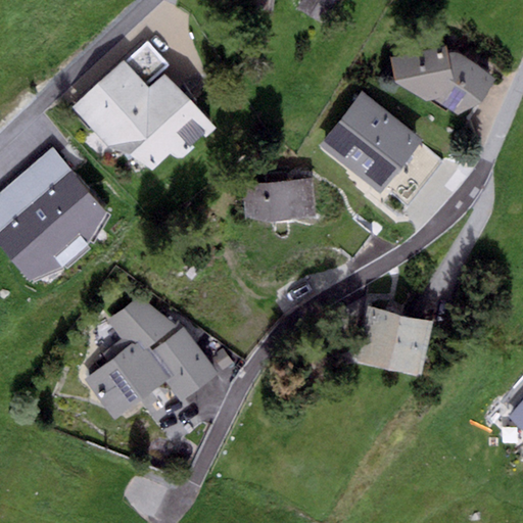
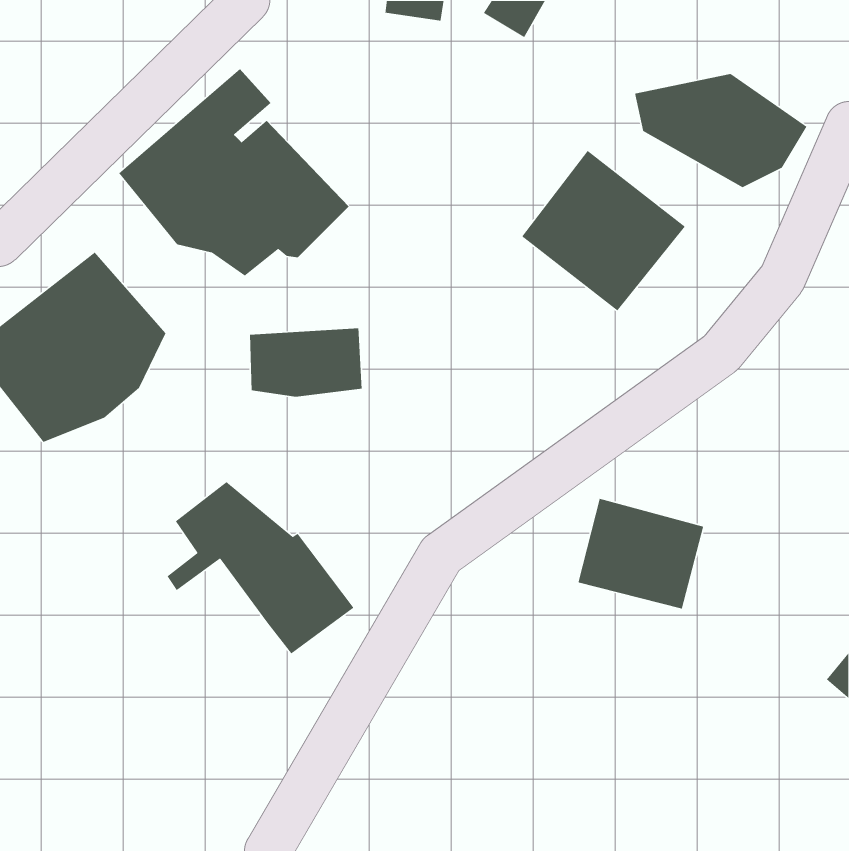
building: [243,179,313,222] -> [249,328,362,397]
building: [84,343,163,419] -> none

